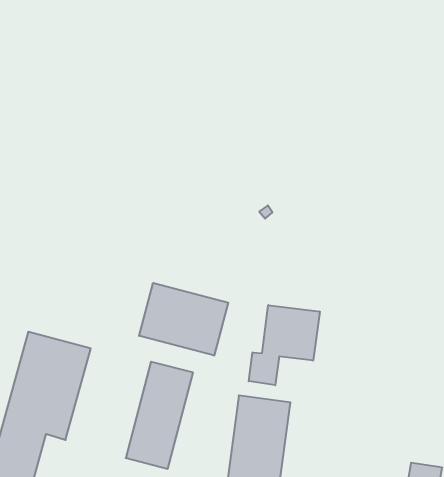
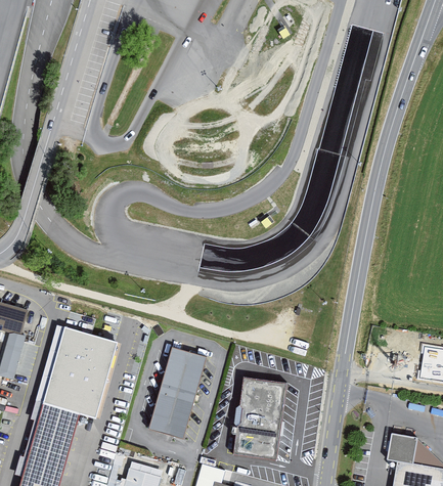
building: [139,283,228,356] -> none
building: [249,305,320,385] -> none

